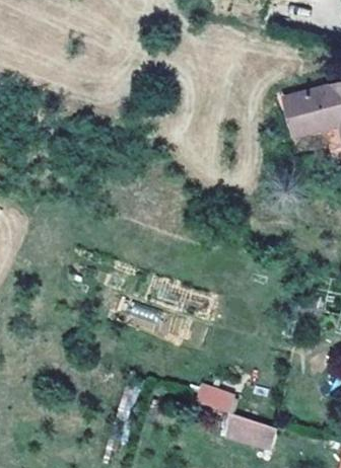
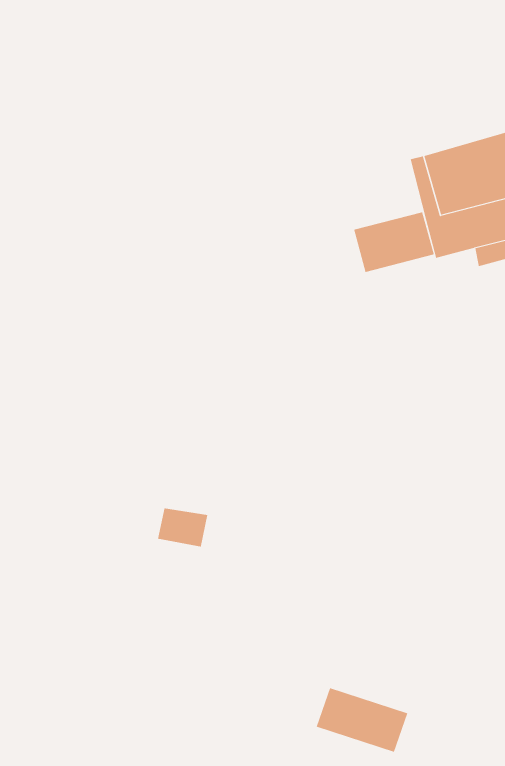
building: none -> [353,212,434,273]
building: [195,380,237,412] -> none

